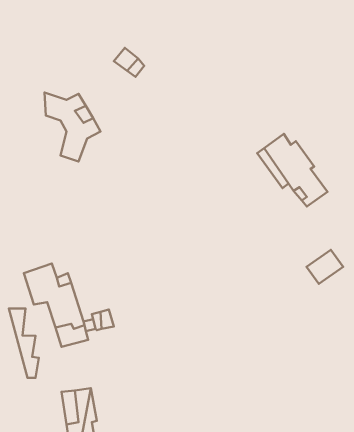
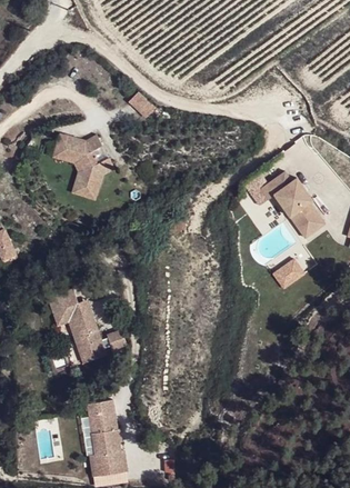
building: none -> [52,131,96,201]
building: [307,250,343,284] -> [276,256,309,287]
building: [9,308,39,378] -> none

